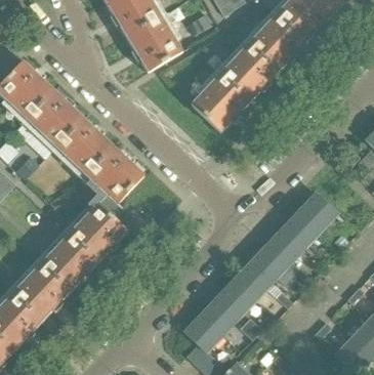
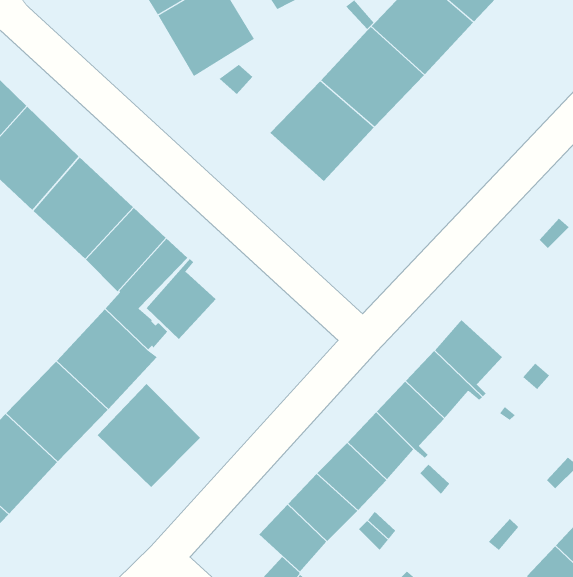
building: none -> [146,258,216,340]
building: [298,192,343,231] -> none
building: none -> [97,383,201,488]

